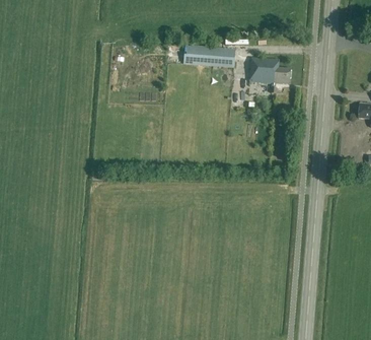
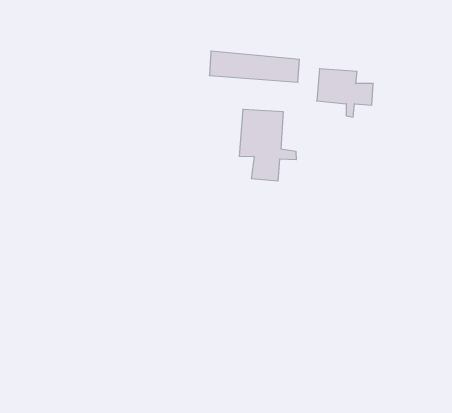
building: none -> [239,109,296,181]

